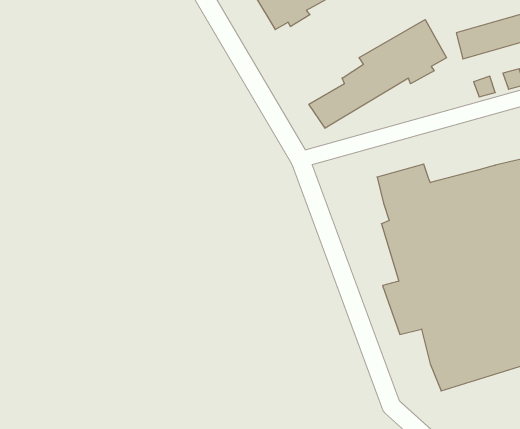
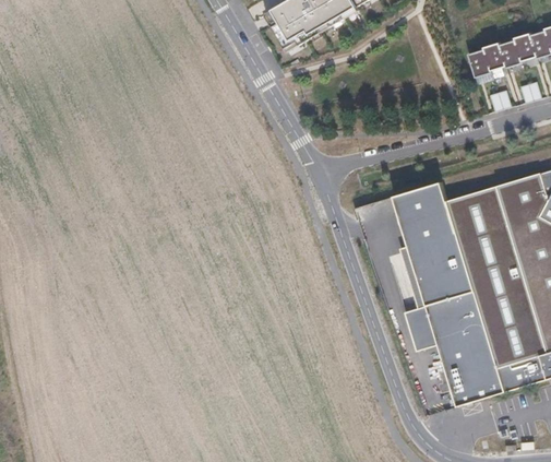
building: [309,20,447,128] -> none

